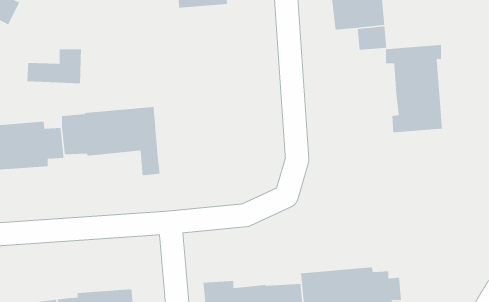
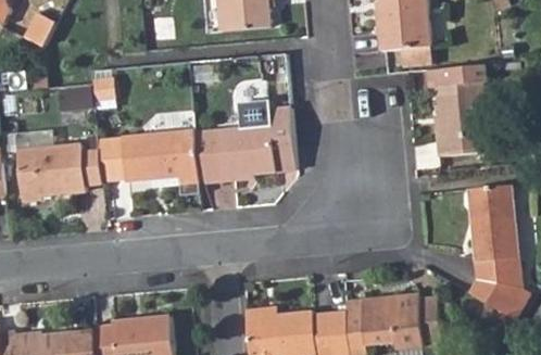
building: none -> [192,100,293,181]
building: none -> [466,186,521,315]

